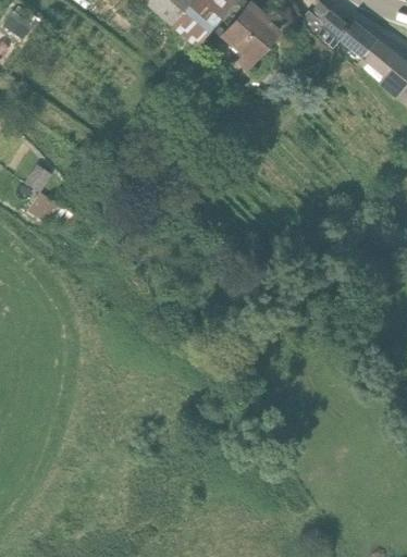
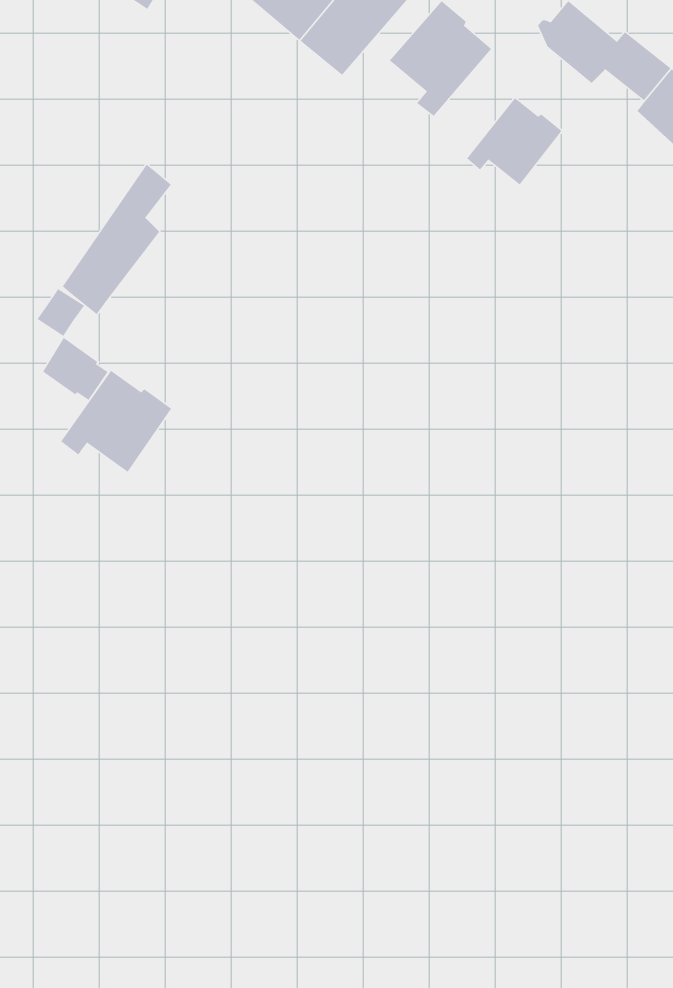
building: none -> [466,97,563,186]
building: none -> [62,164,172,315]
building: none -> [60,370,172,473]

